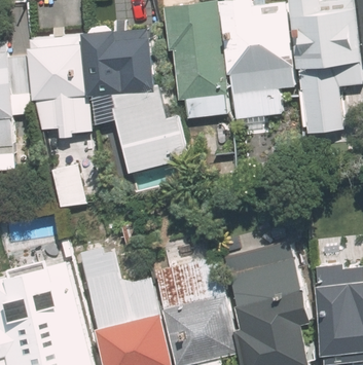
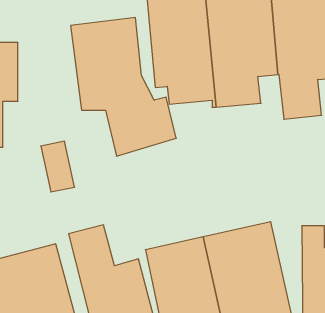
building: [34,36,92,134] -> none

